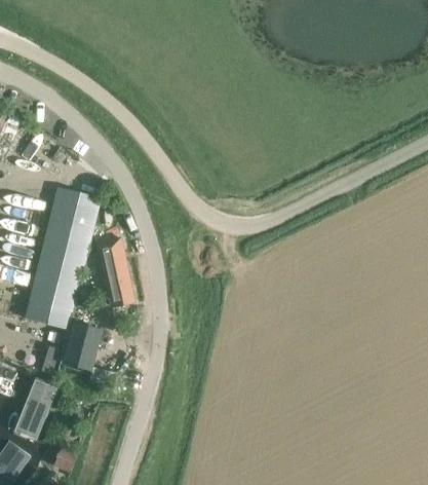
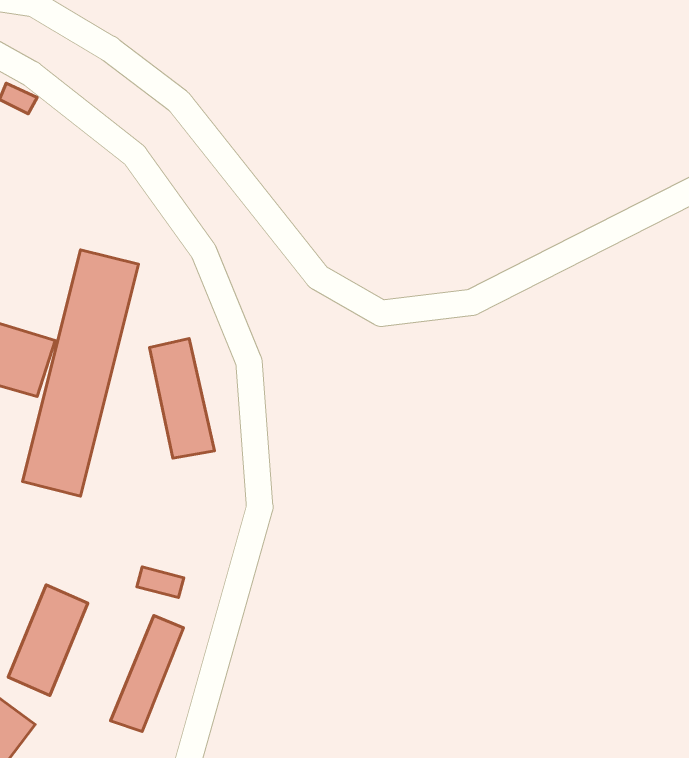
building: [63,324,101,370] -> none
building: none -> [110,615,184,731]

